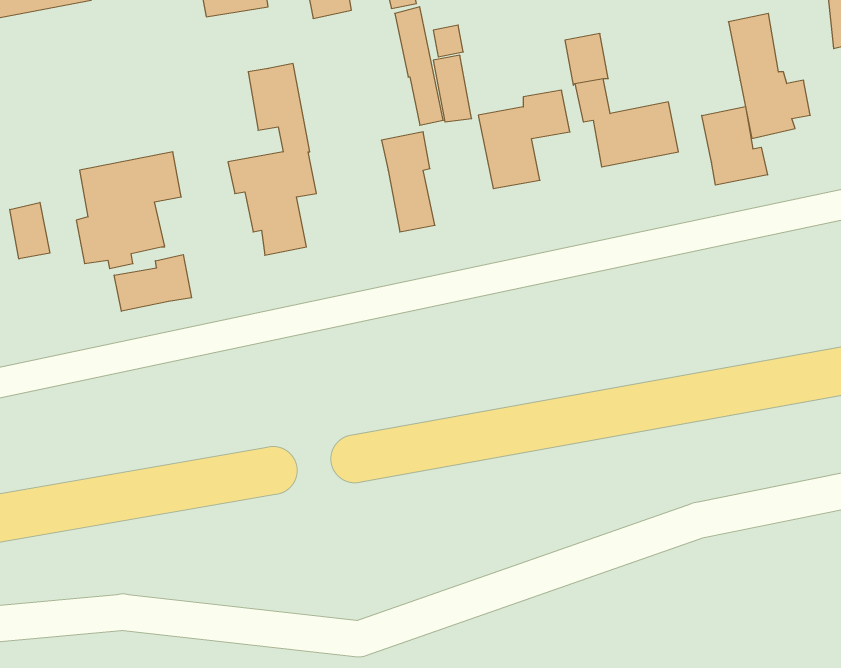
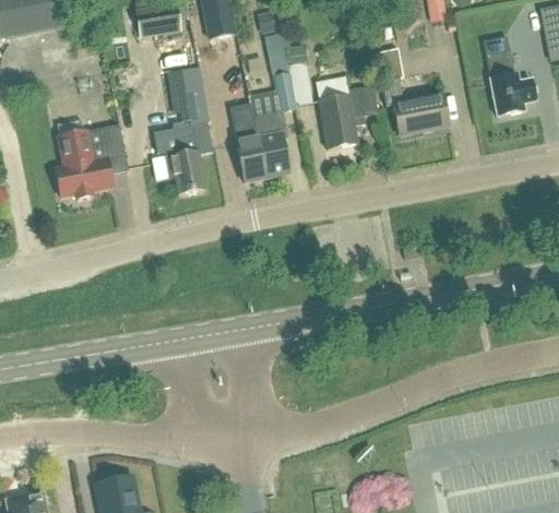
building: [702,107,768,185] -> none
building: none -> [229,103,266,181]
building: [10,202,50,259] -> none
building: [114,255,192,311] -> none

